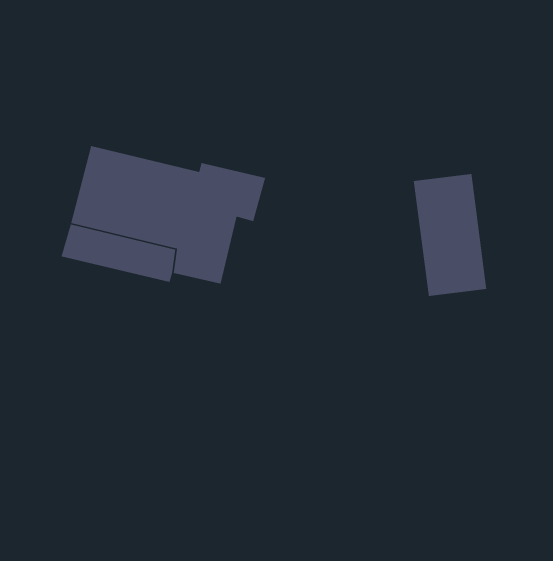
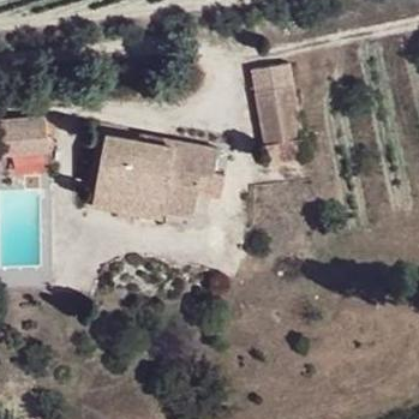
building: [413,173,487,297] -> [251,64,303,144]

